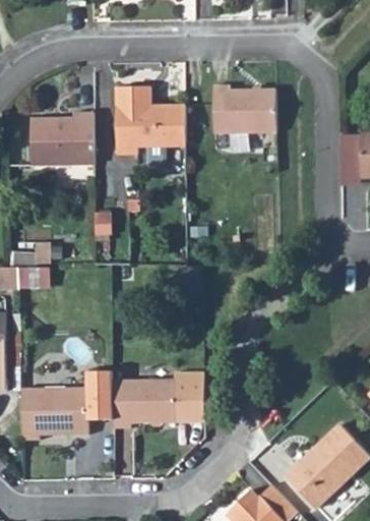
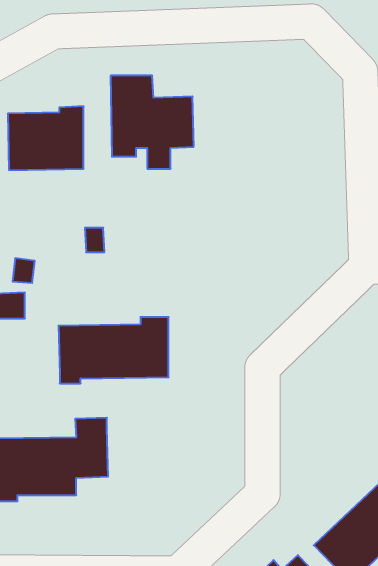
building: [212,85,276,133] -> none
building: [113,372,204,427] -> [58,317,169,383]

